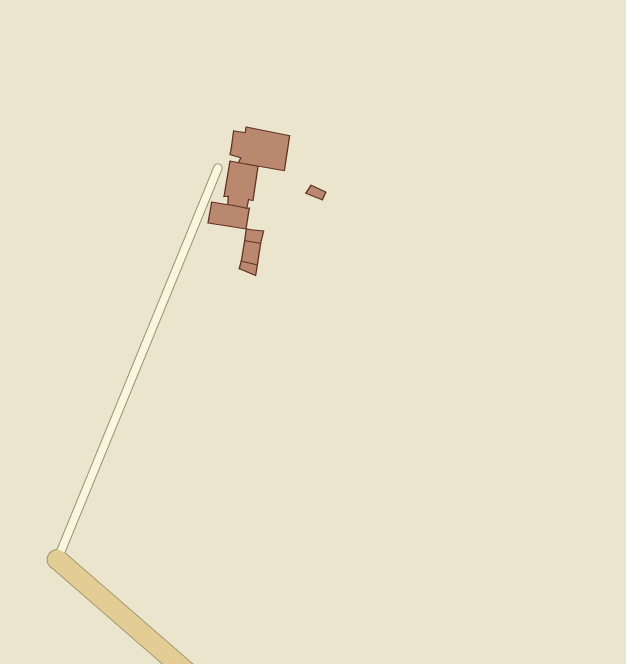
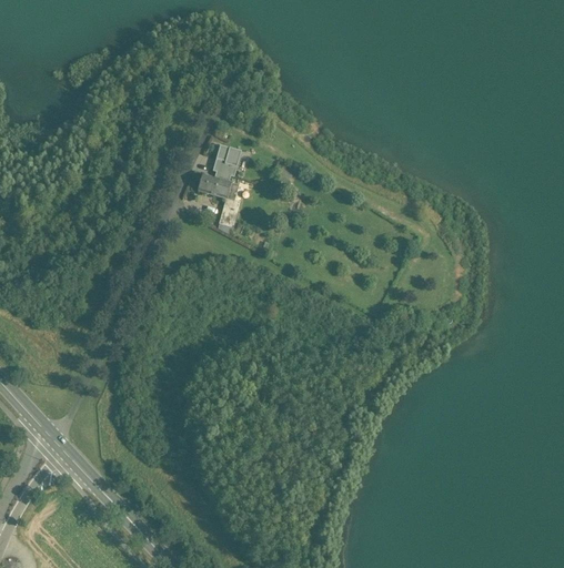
building: [230,127,290,171] -> none

